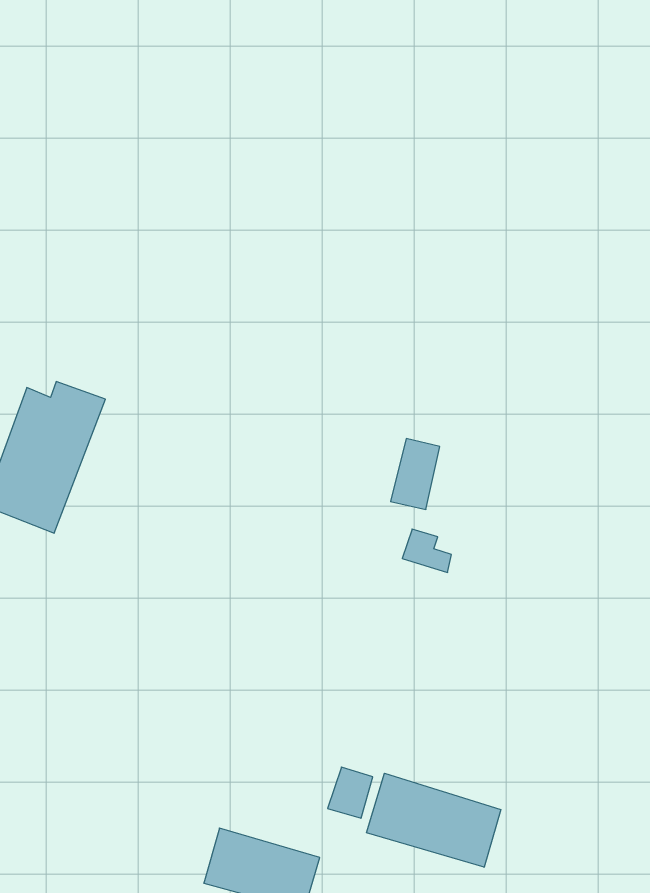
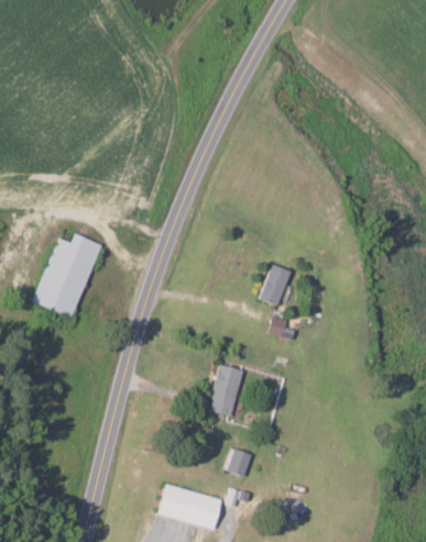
building: none -> [208,364,243,417]
building: [367,773,501,867] -> none

